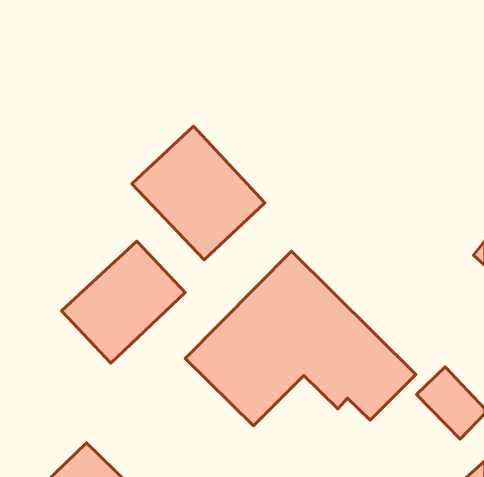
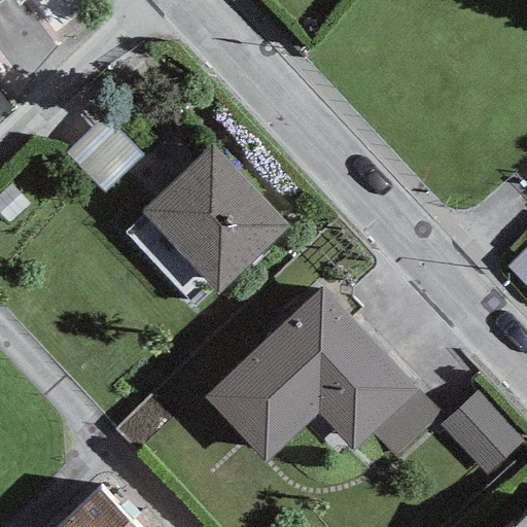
building: [62,241,185,363] -> none

